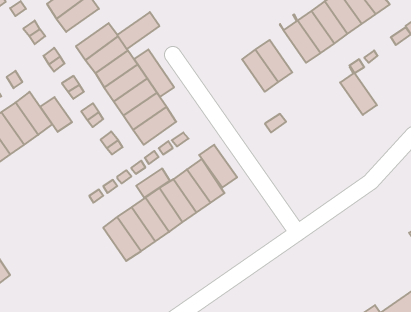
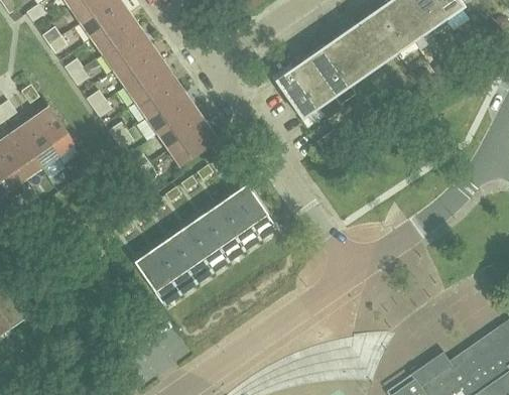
building: [117,12,159,49] -> [91,13,139,55]
building: [134,49,174,97] -> none
building: none -> [275,71,319,120]
building: [340,67,377,115] -> [324,31,366,86]
building: [40,97,72,132] -> none
building: [199,145,237,188] -> none
building: [136,168,170,198] -> none

